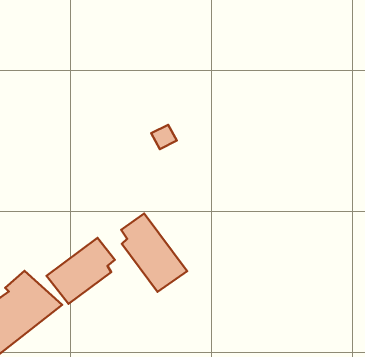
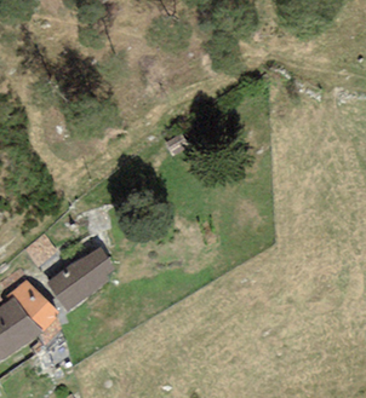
building: [121,214,187,292] -> none

